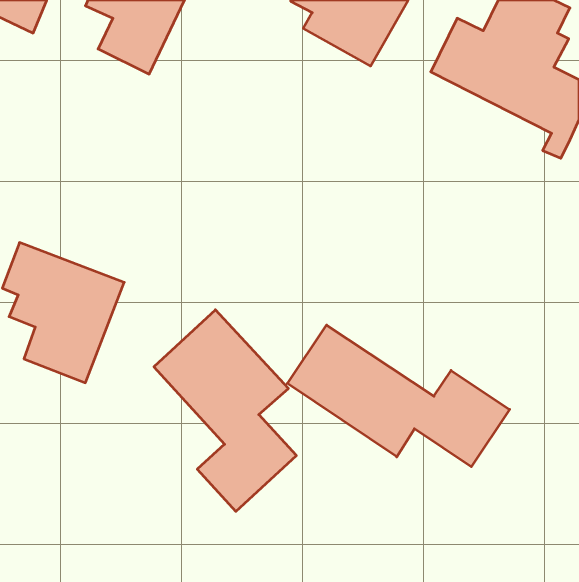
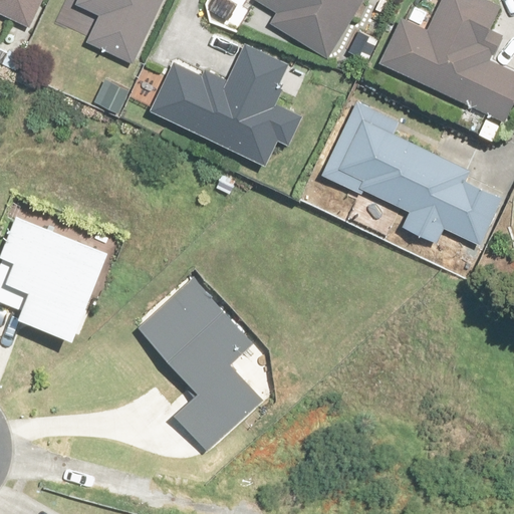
building: none -> [150,43,301,166]
building: none -> [323,102,501,245]
building: [287,325,510,467] -> none

